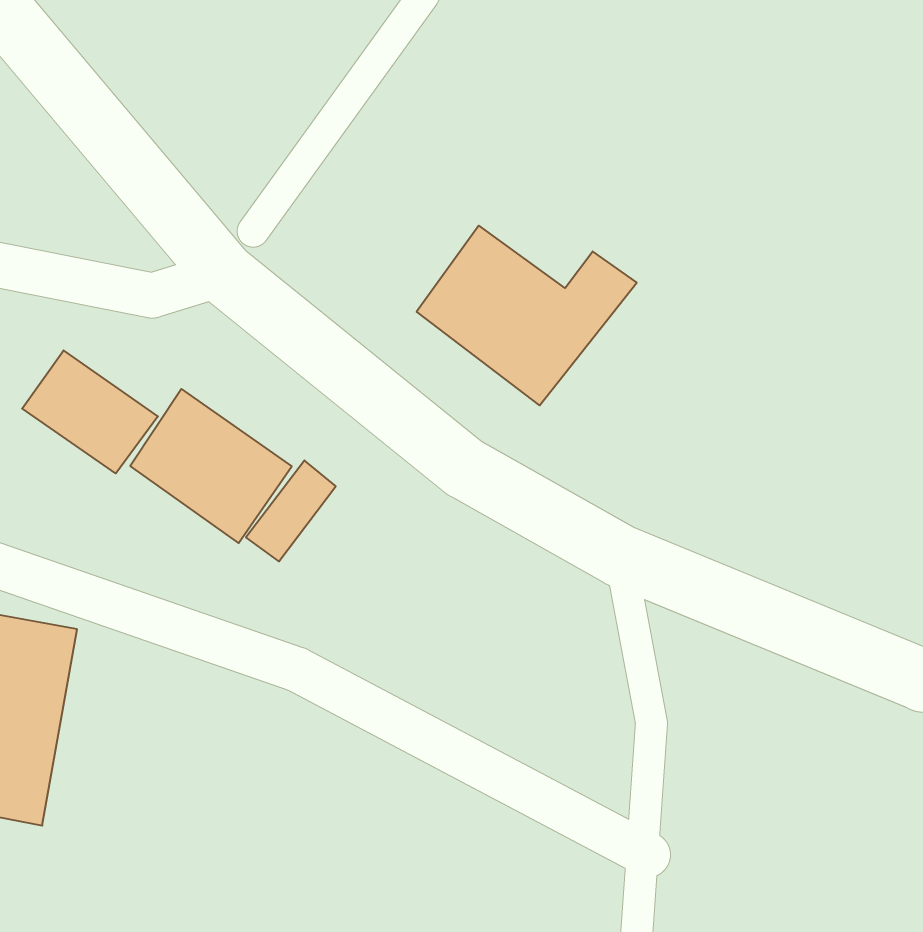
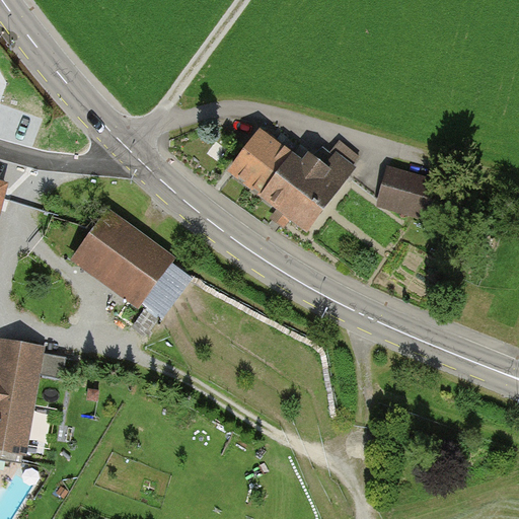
building: none -> [376,167,436,223]
building: [22,350,158,473] -> none

